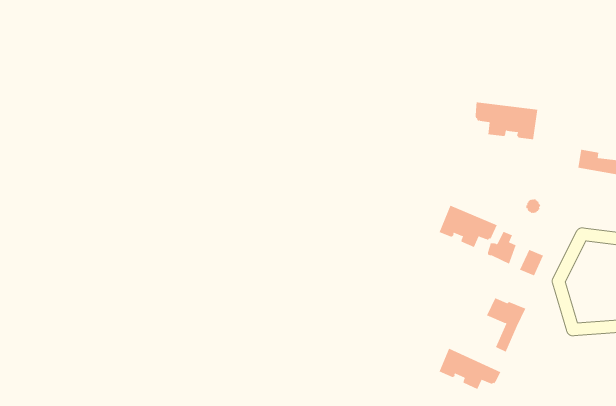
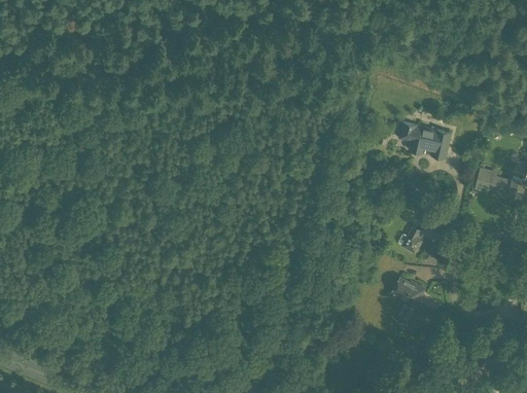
building: [439,205,498,248] -> none
building: [439,348,501,390] -> none

